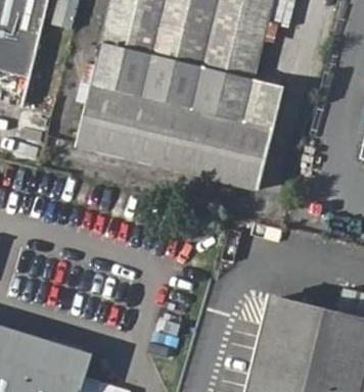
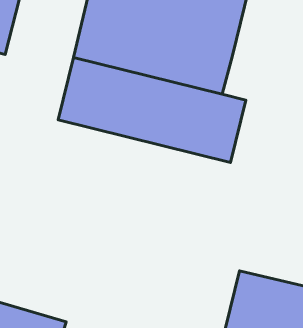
building: [252,86,284,131] -> none

